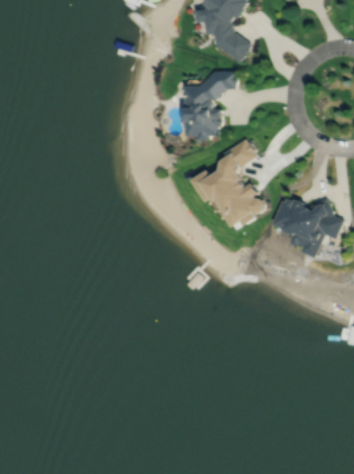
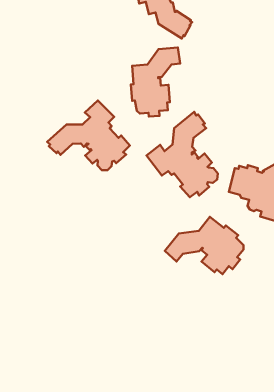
building: none -> [47,100,130,170]
building: none -> [165,217,243,274]

